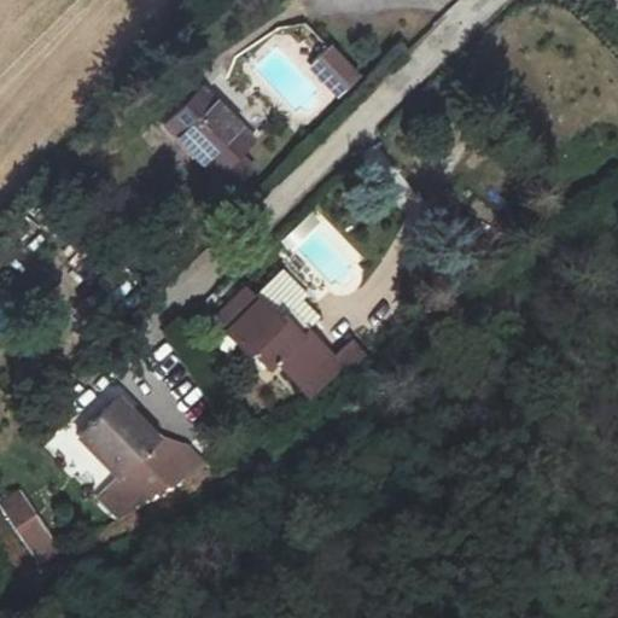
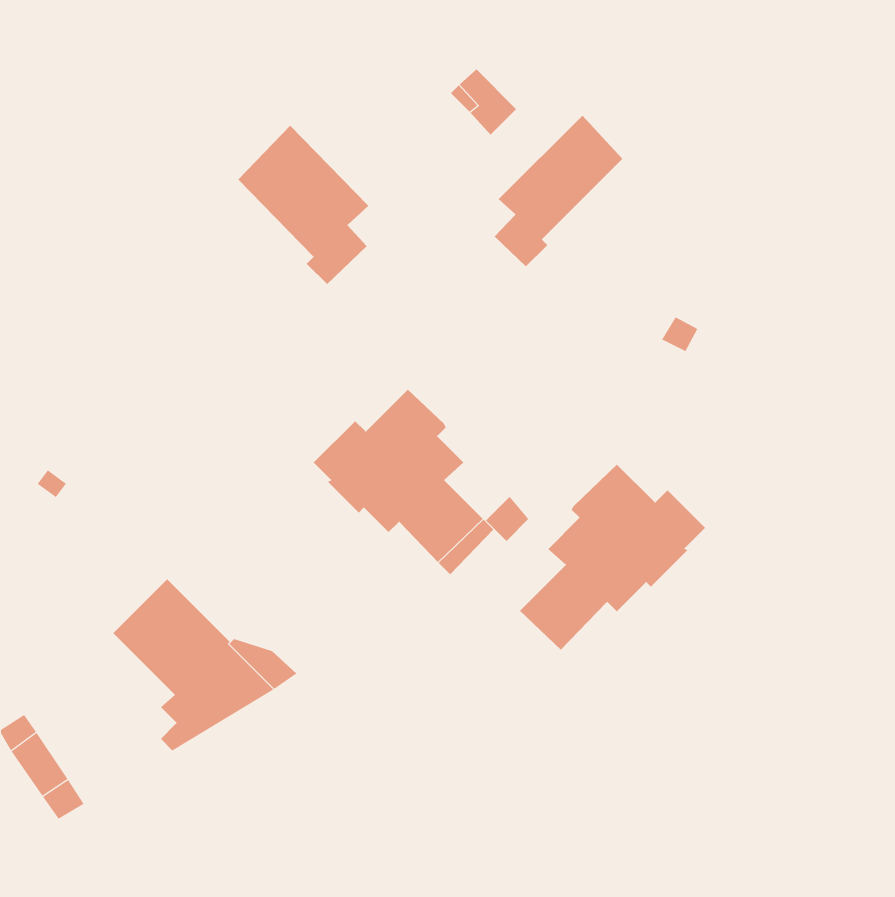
building: none -> [494,115,623,267]
building: none -> [519,464,706,650]

